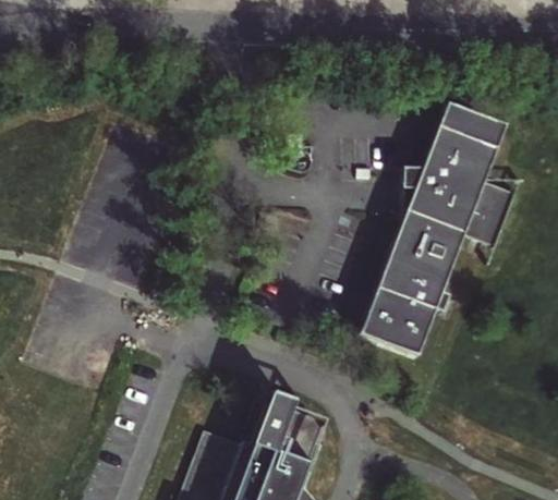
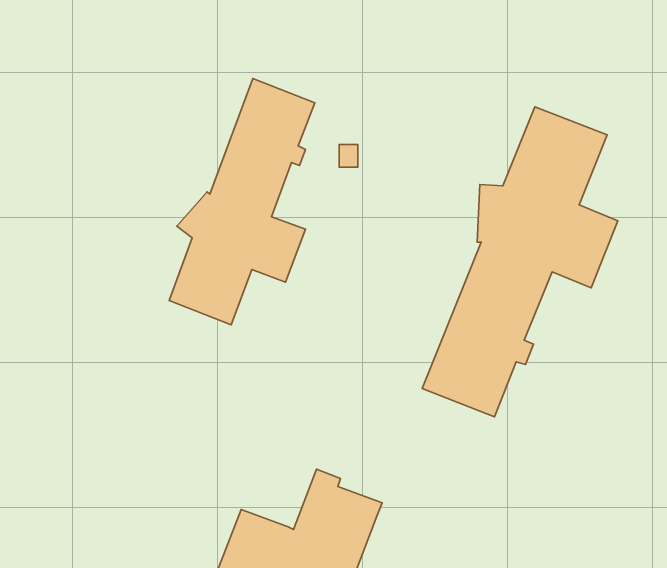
building: none -> [169,79,315,325]

